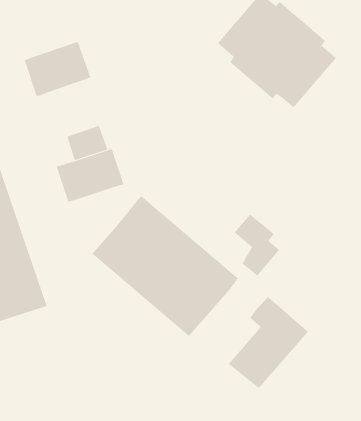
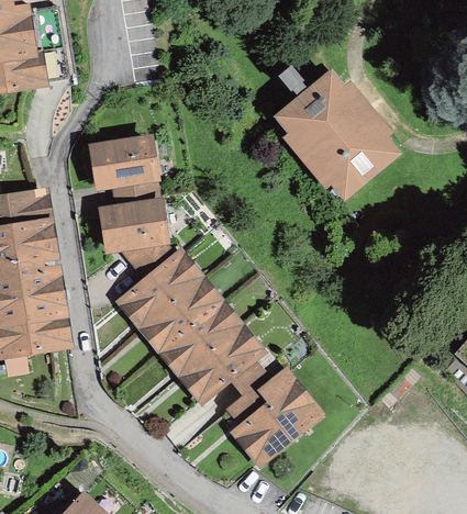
building: [24,41,91,97] -> [93,139,156,187]
building: none -> [124,241,175,279]
building: [234,214,280,277] -> [232,361,274,424]

